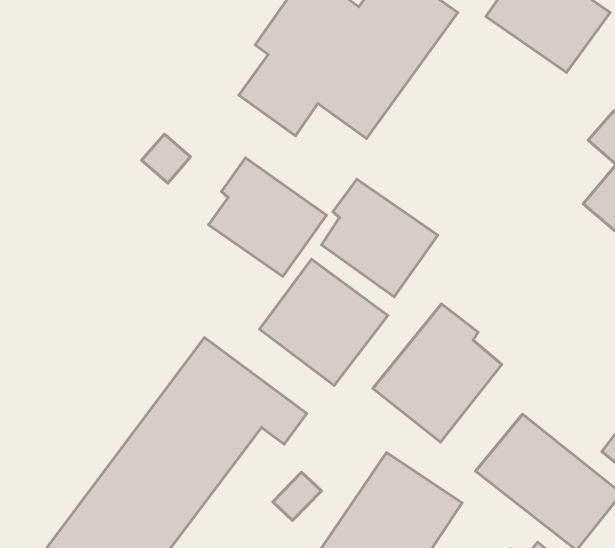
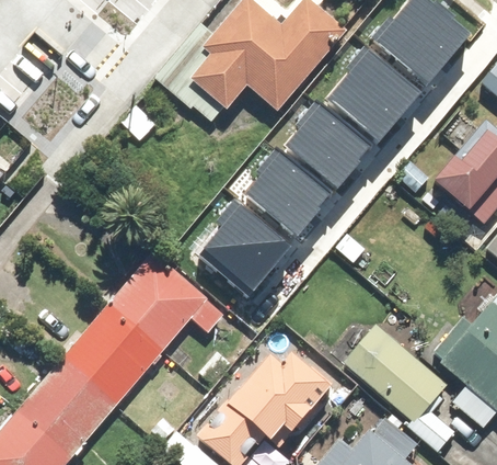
building: none -> [327,50,411,136]
building: [209,158,326,277] -> [282,103,367,190]
building: [373,304,502,442] -> none

